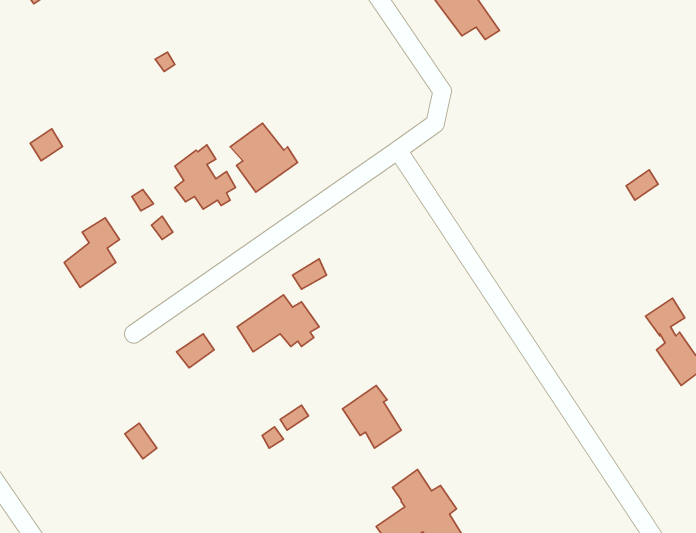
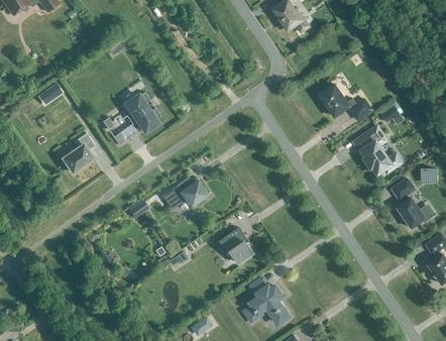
building: [230,123,297,192] -> none
building: none -> [319,84,371,120]
building: none -> [354,126,402,175]

